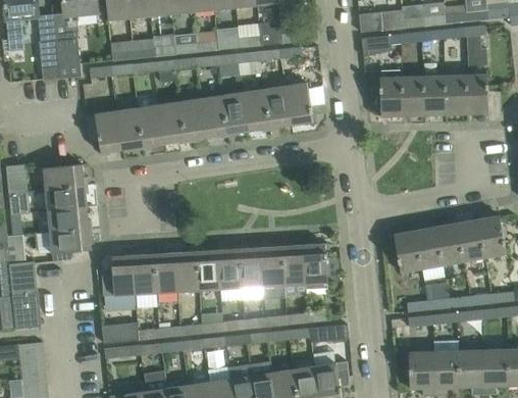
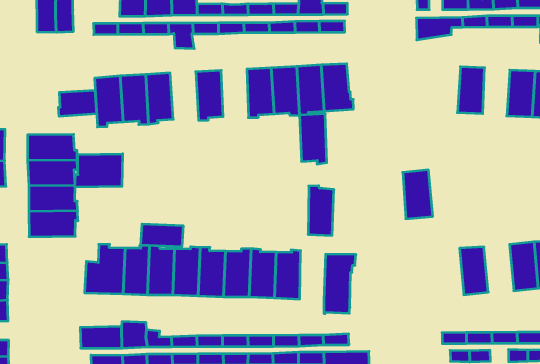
building: [378,70,402,116] -> none
building: [421,76,444,114] -> none
building: [200,95,226,138] -> [300,114,327,164]
building: [157,101,185,144] -> none
building: none -> [58,90,97,116]
building: none -> [75,154,123,187]
building: [434,222,463,264] -> none
building: [393,230,421,272] -> [403,170,433,219]
building: none -> [141,224,183,247]
building: [280,243,304,285] -> [308,186,334,235]

